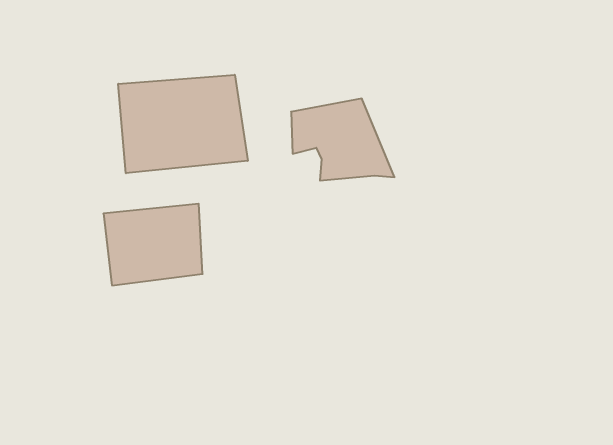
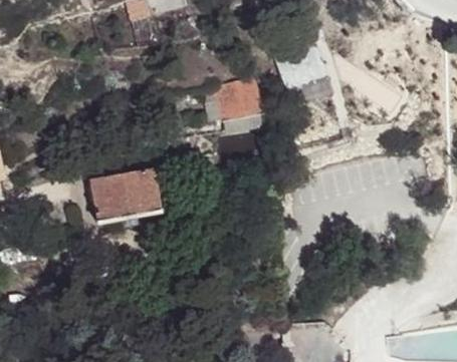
building: [118,75,248,173] -> none

